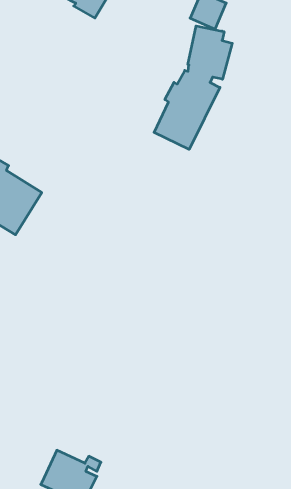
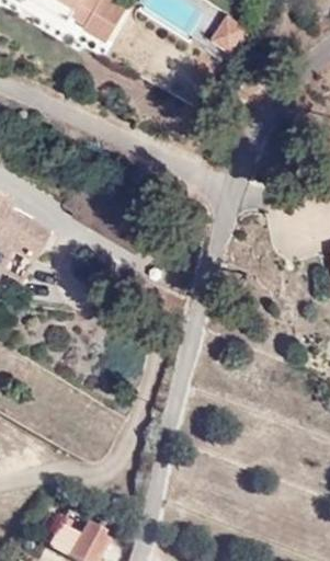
building: [154,26,232,149] -> none

